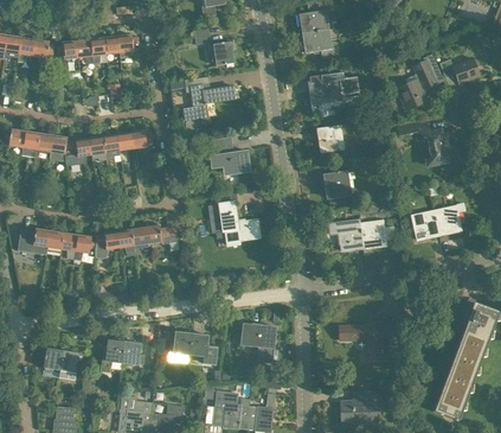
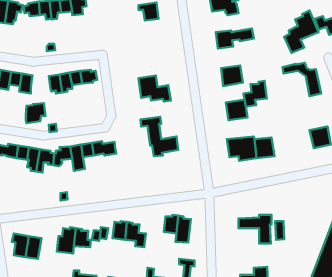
building: [184,83,239,120] -> none
building: [65,139,91,165] -> [26,103,46,123]
building: none -> [244,81,267,107]
building: [410,210,438,238] -> none

